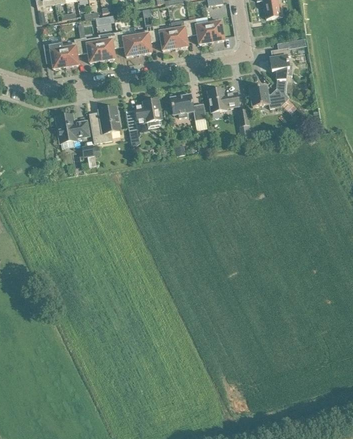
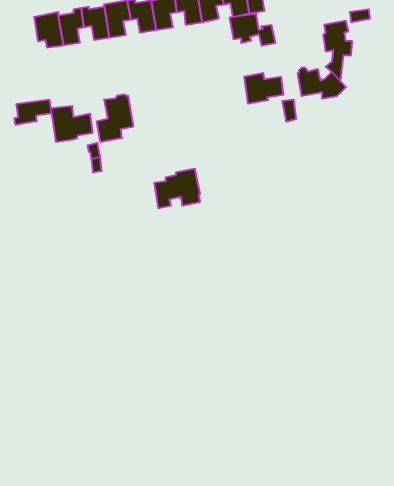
building: [170,93,206,118] -> [230,14,275,46]
building: [126,98,162,129] -> [154,169,200,208]
building: none -> [14,100,51,125]

